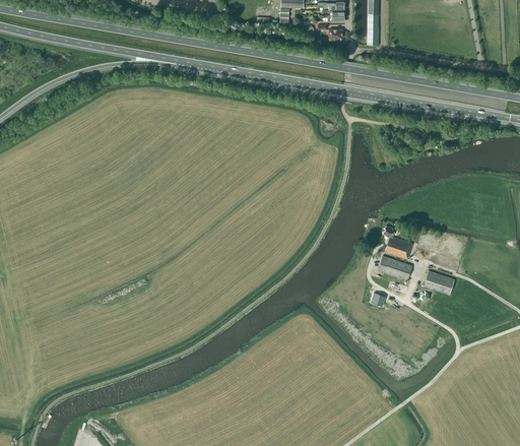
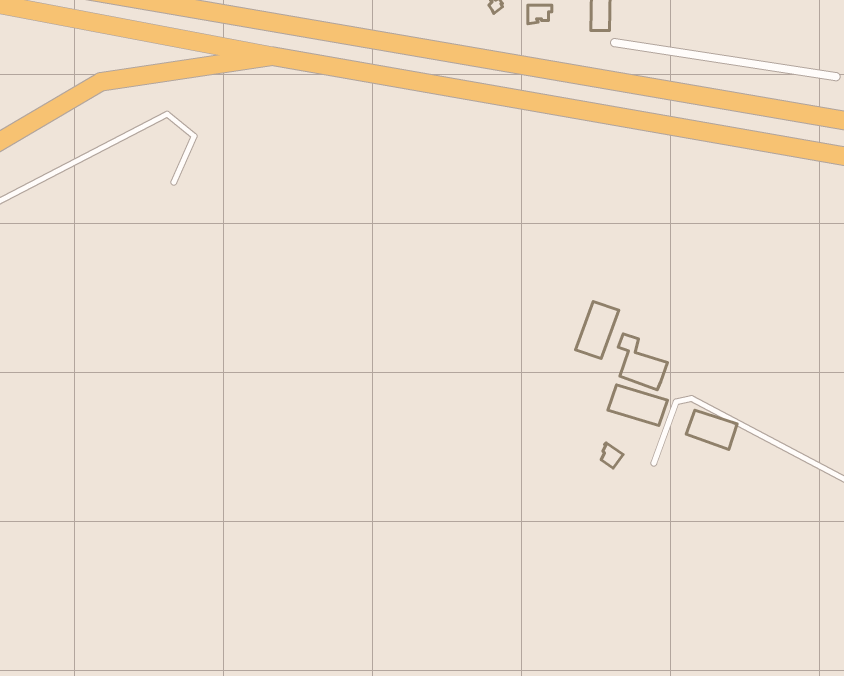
building: none -> [576,302,619,358]

